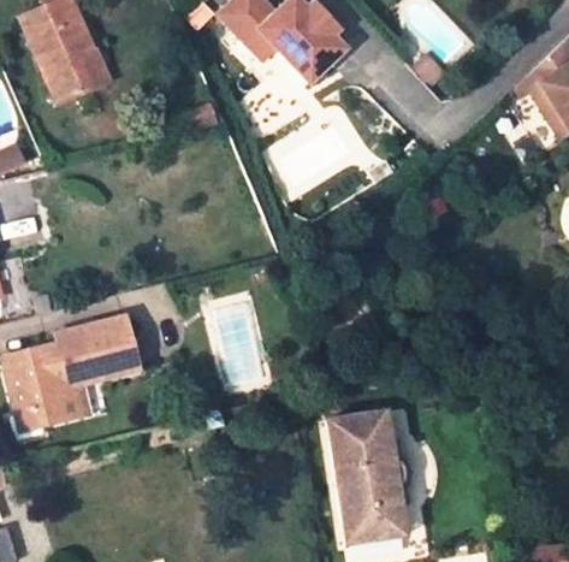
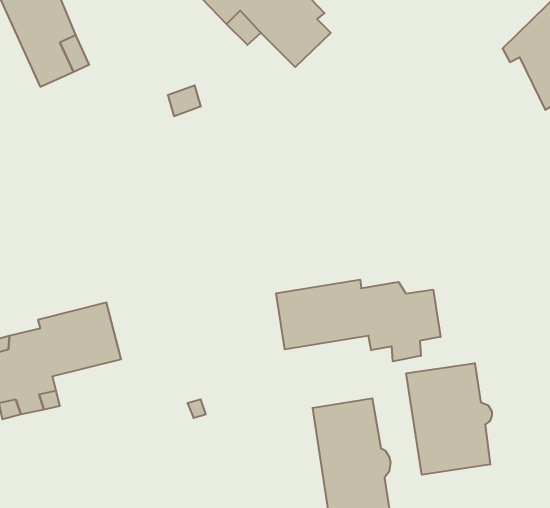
building: none -> [276,280,441,361]
building: none -> [406,363,492,475]

